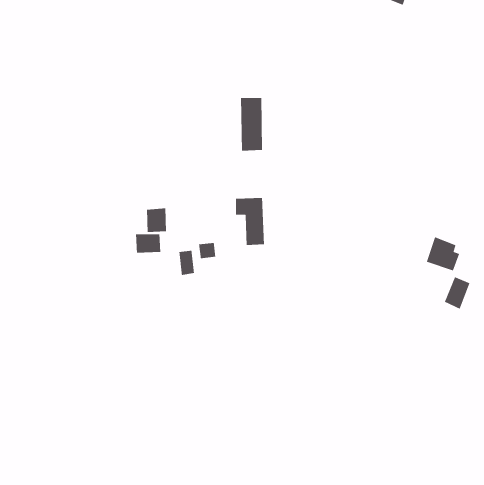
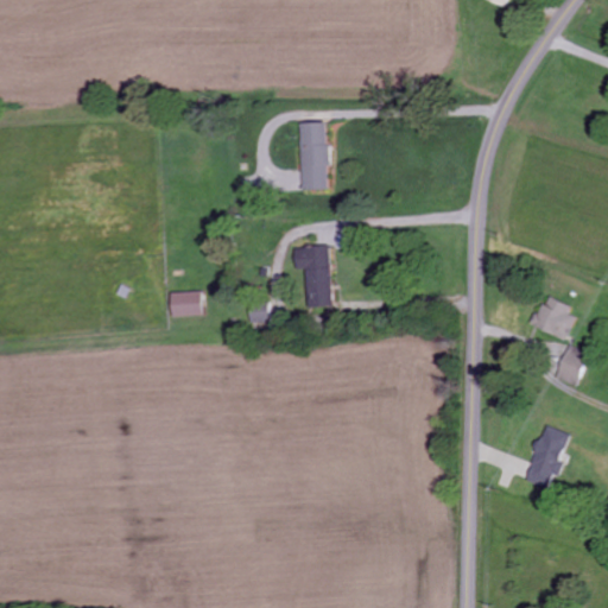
building: [146,208,167,233] -> none
building: [179,250,195,276] -> none
building: none -> [522,425,566,489]

